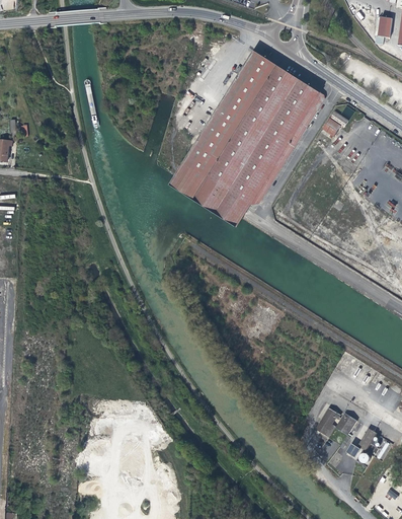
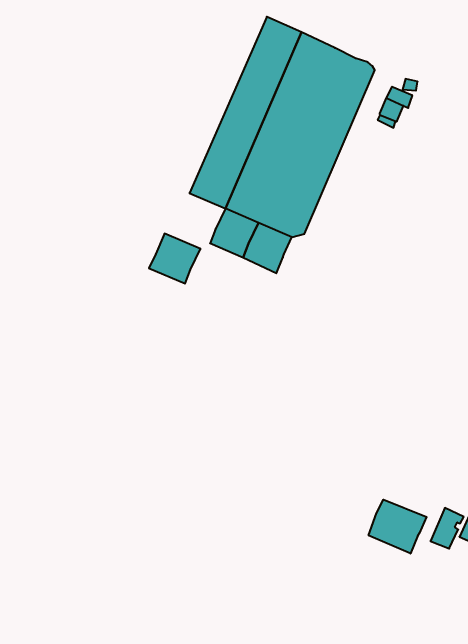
building: [170,163,208,200] -> [149,234,201,284]
building: none -> [369,500,427,554]

